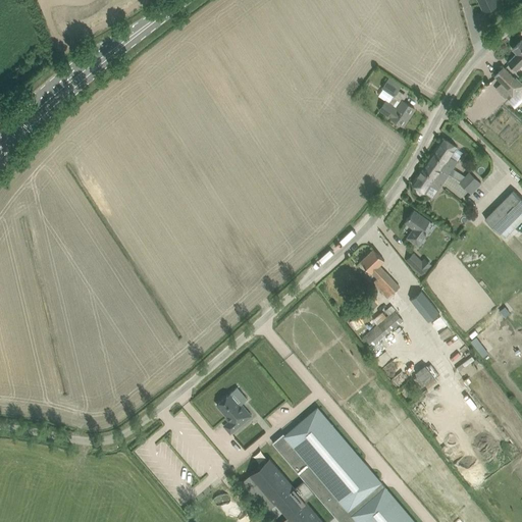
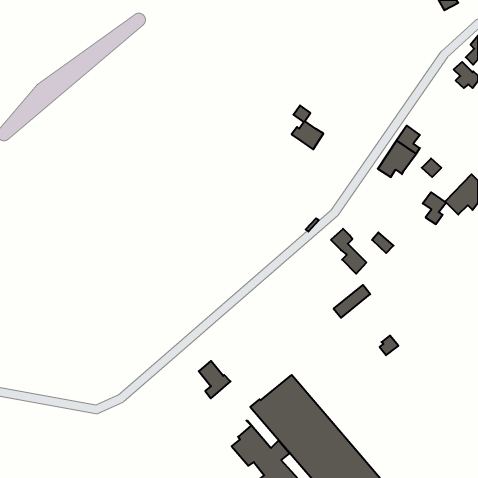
building: [379,79,414,126] -> [292,105,323,149]
building: [404,211,429,246] -> [423,192,446,224]
building: [410,291,438,322] -> none

